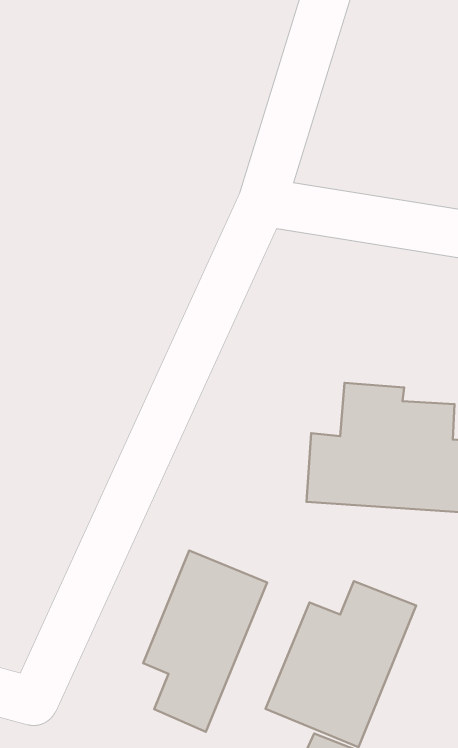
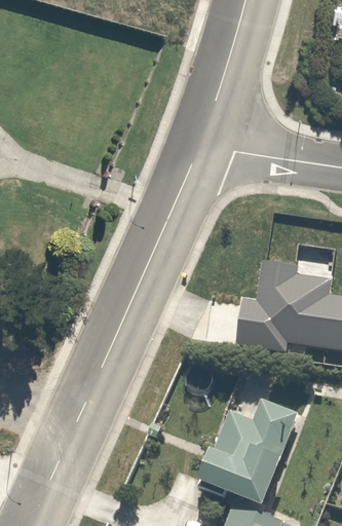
building: [143,550,267,732] -> none

